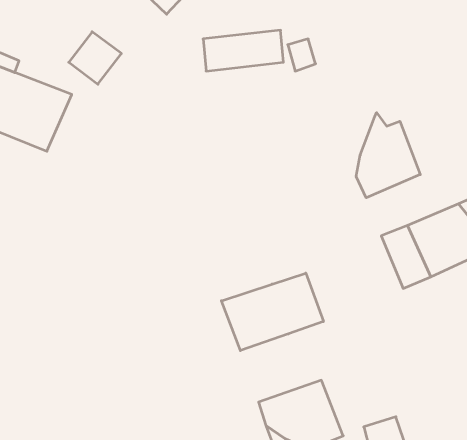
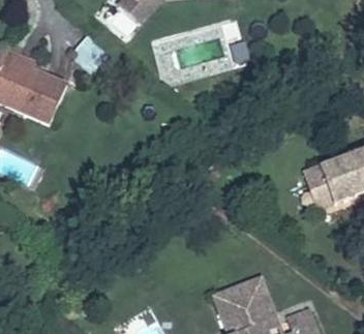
building: [356,113,420,198] -> none
building: [221,273,323,351] -> none

